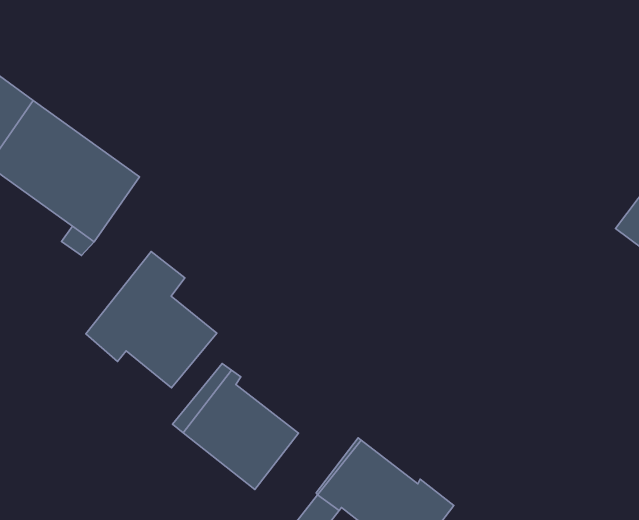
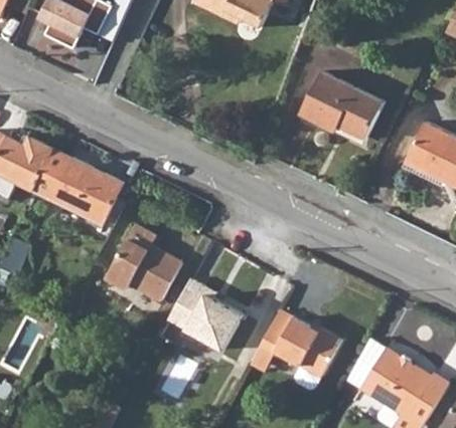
building: none -> [304,74,386,141]

